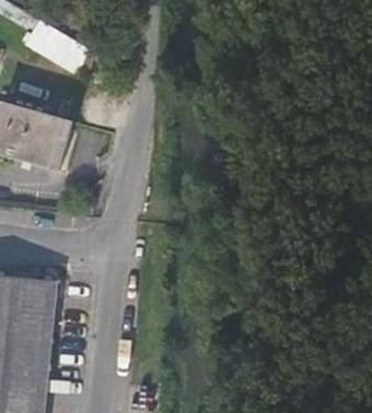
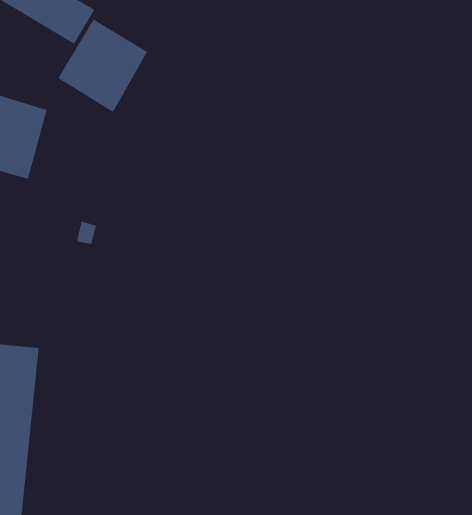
building: none -> [58,18,148,113]

